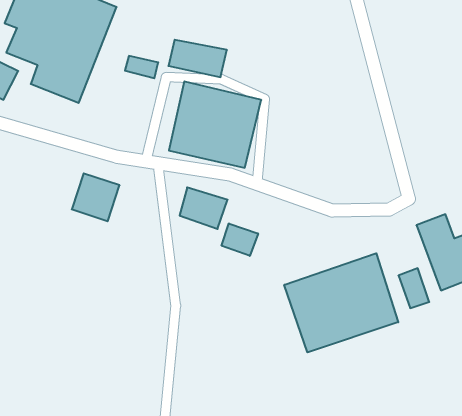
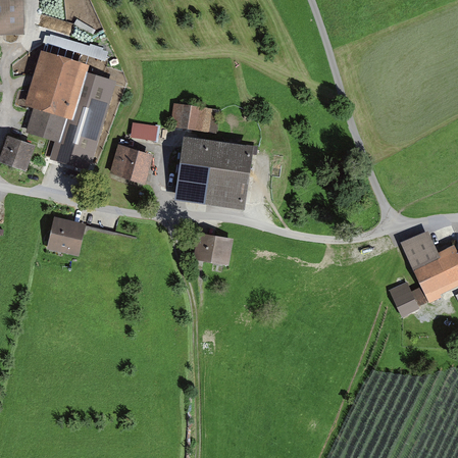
building: none -> [109,145,152,183]
building: [72,173,120,221] -> [47,216,87,256]
building: [222,223,258,256] -> none
building: [284,253,398,352] -> none

